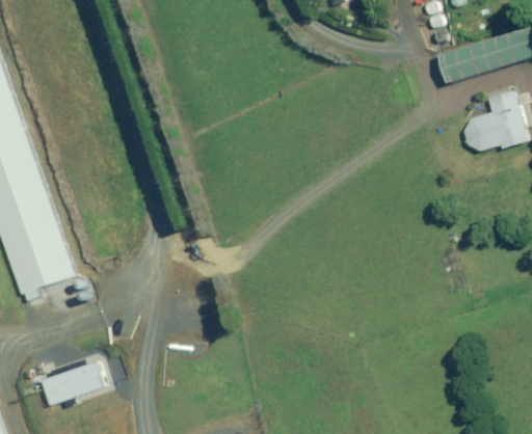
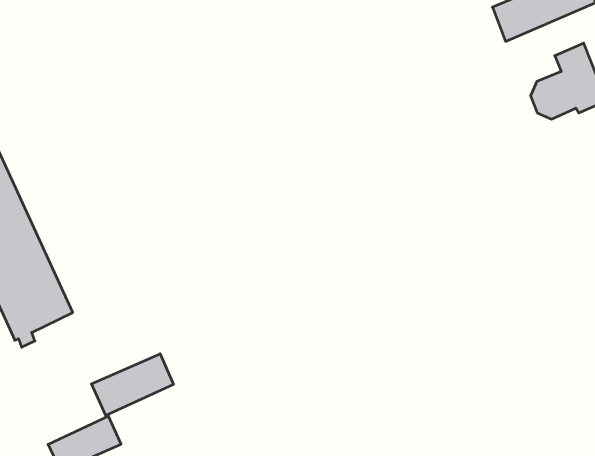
building: none -> [91,354,173,416]

